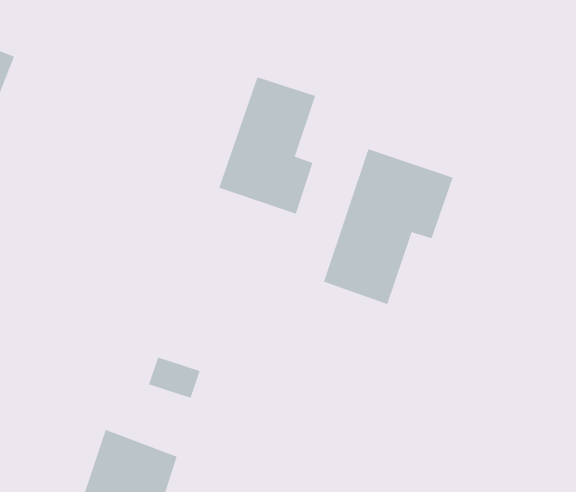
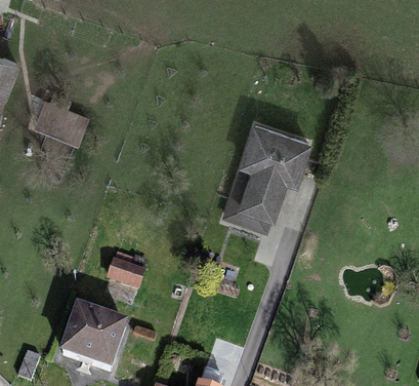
building: [218,77,316,214] -> none
building: none -> [37,104,87,144]

